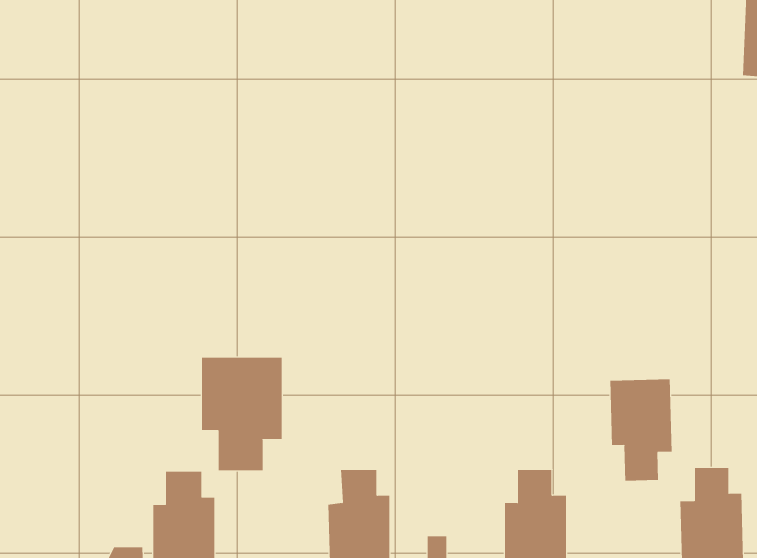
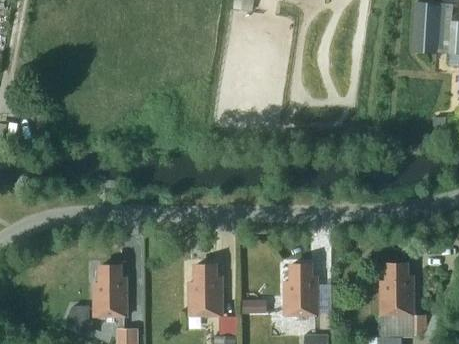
building: [201,357,282,471] -> none
building: [610,379,672,481] -> none

